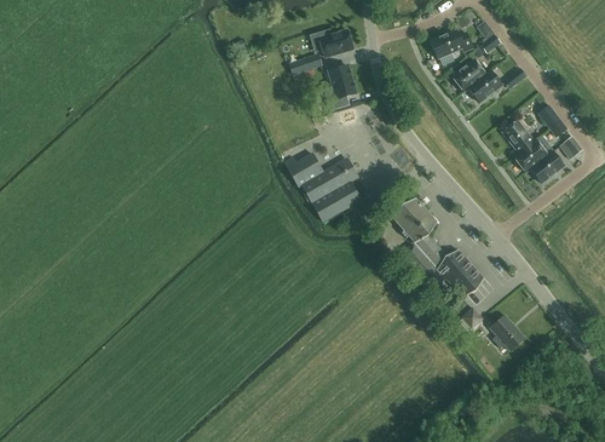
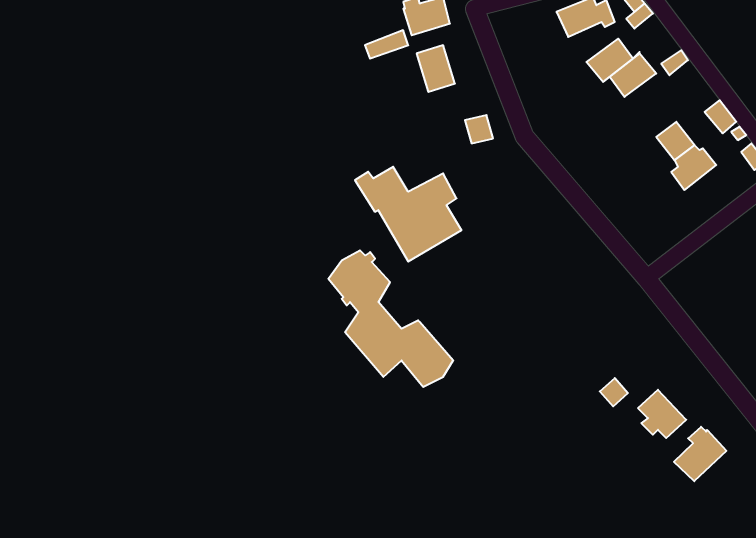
building: [523,150,564,183] -> none
building: [392,197,483,297] -> [328,250,453,387]
building: none -> [674,427,726,481]

